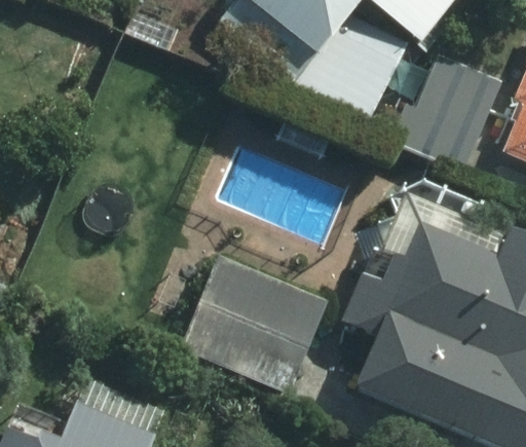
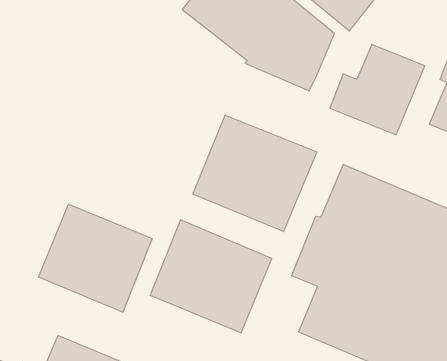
building: none -> [193,115,317,232]
building: none -> [39,204,152,312]

